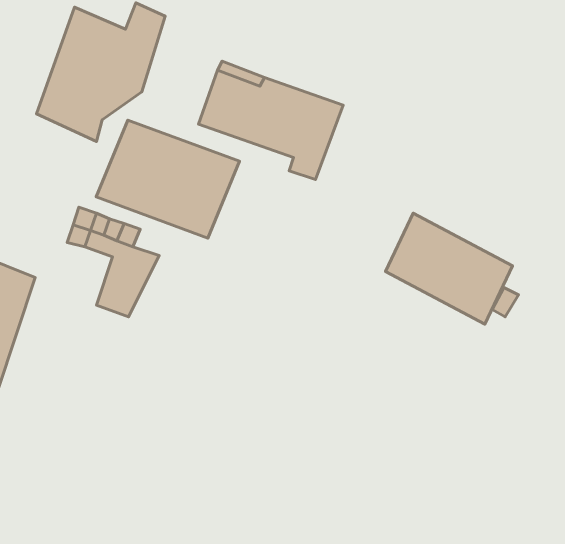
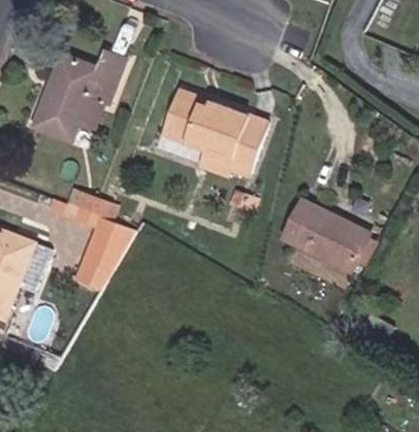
building: [96,120,239,238] -> none

